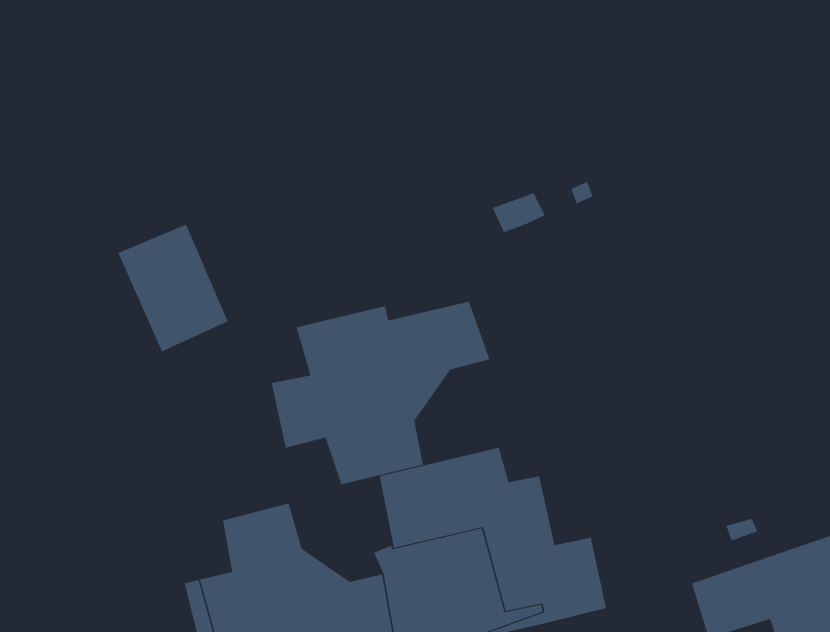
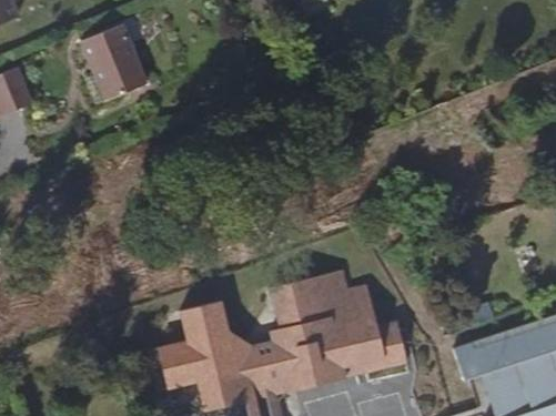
building: [117,224,228,352] -> [78,24,142,99]
building: [271,301,490,485] -> none

